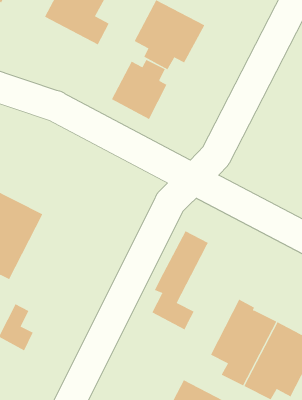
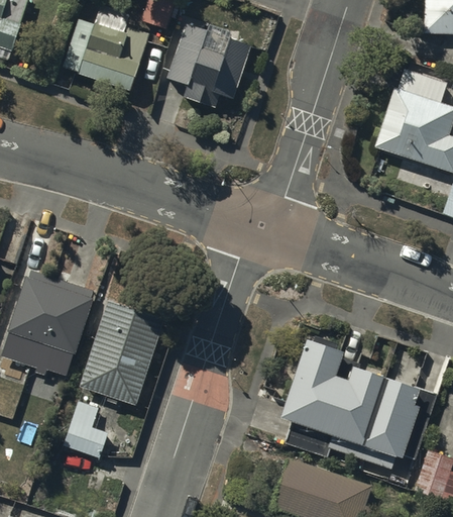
building: [111,59,167,120] -> none
building: none -> [80,300,166,402]
building: [152,230,209,330] -> [285,341,339,456]

